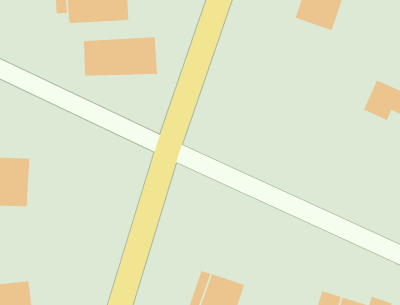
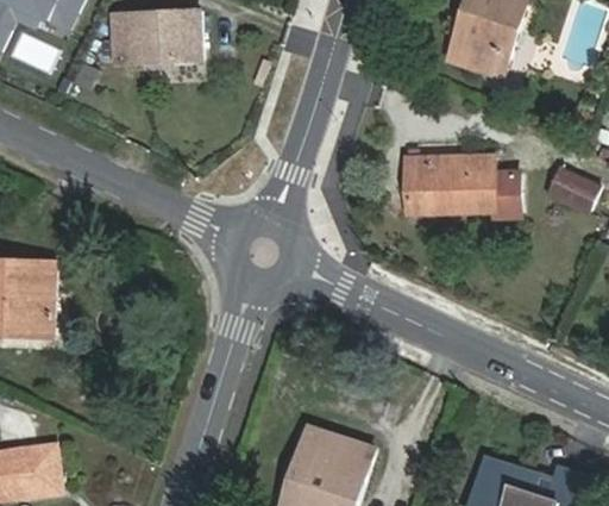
building: [83,37,158,77] -> none
building: none -> [401,152,519,215]

